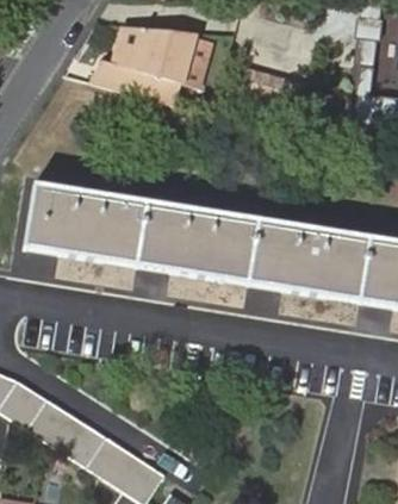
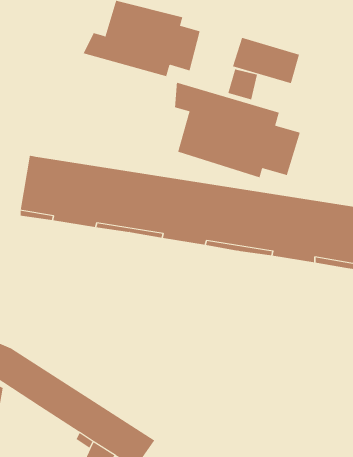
building: none -> [174,82,301,178]

